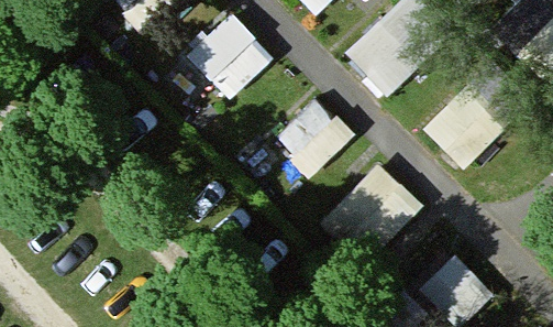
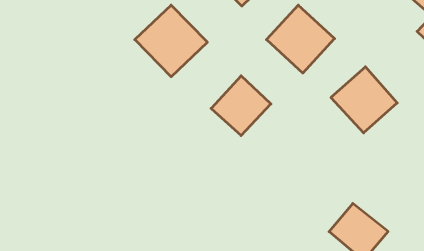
building: [330,162,422,254] -> none

